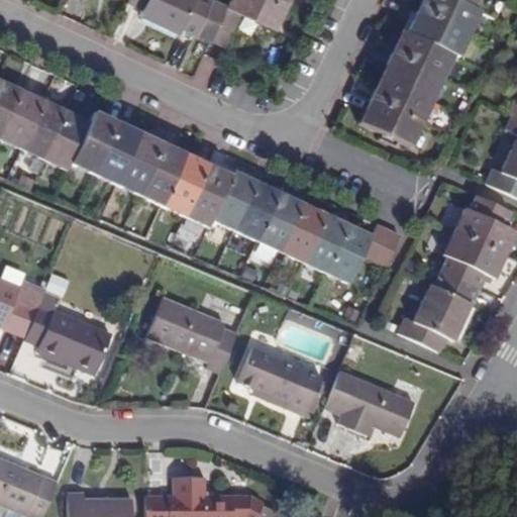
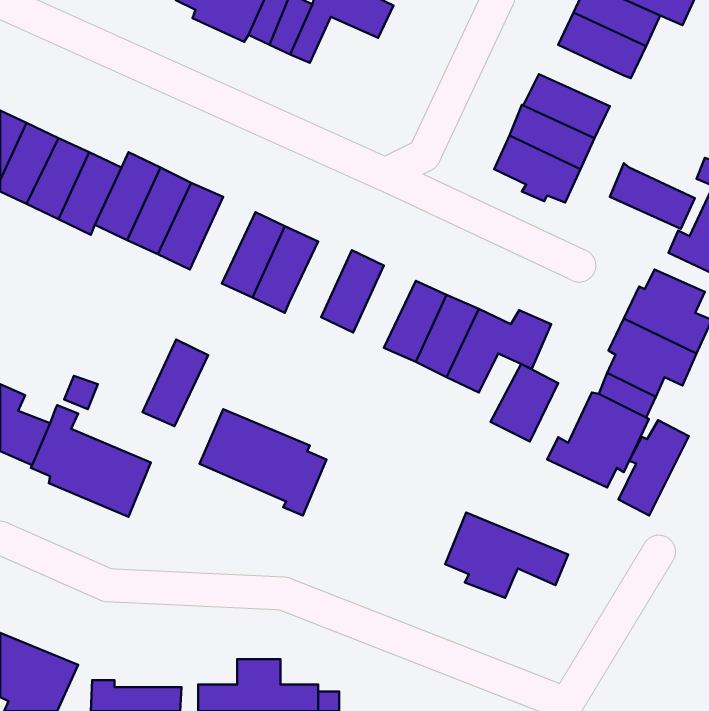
building: [393,29,454,77] -> [610,163,695,229]
building: [140,142,188,205] -> [143,340,208,426]
building: [212,171,257,229] -> none
building: [258,192,304,251] -> none
building: none -> [491,364,558,442]
building: none -> [619,420,689,515]
building: [239,347,323,416] -> none

